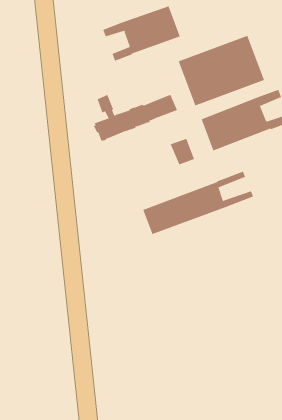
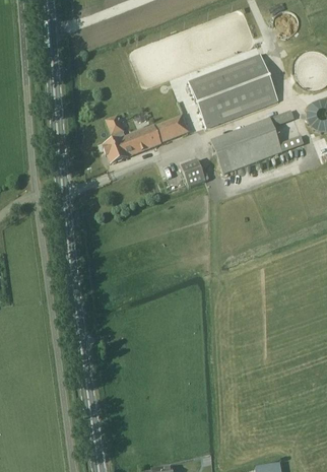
building: [103,5,181,61] -> none
building: [143,171,254,235] -> none

